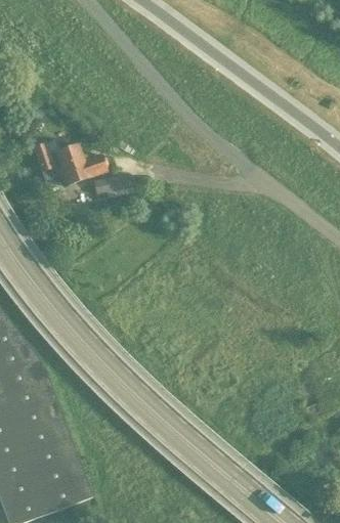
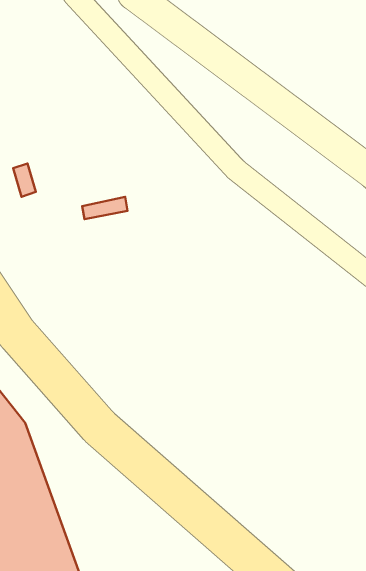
building: [54,146,105,187] -> none

